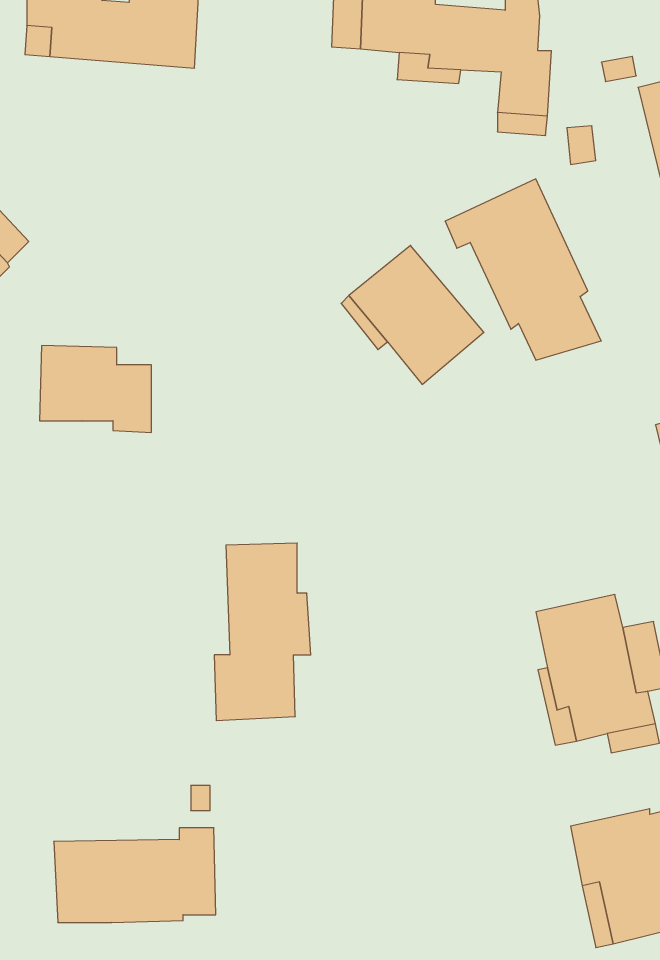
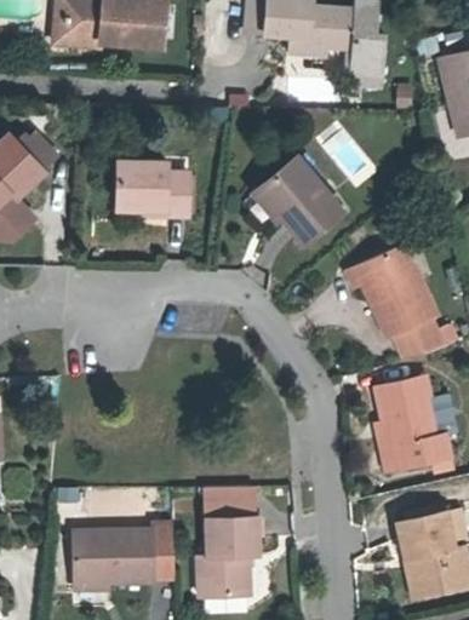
building: [445,179,601,360] -> [345,245,444,358]
building: [40,346,151,432] -> [116,161,187,216]
building: [214,543,311,721] -> [198,486,258,597]

